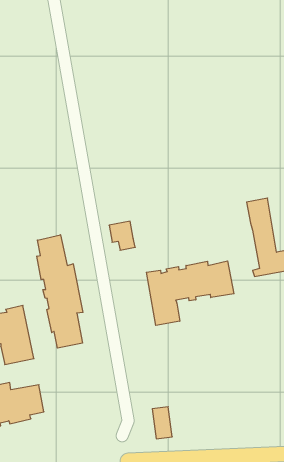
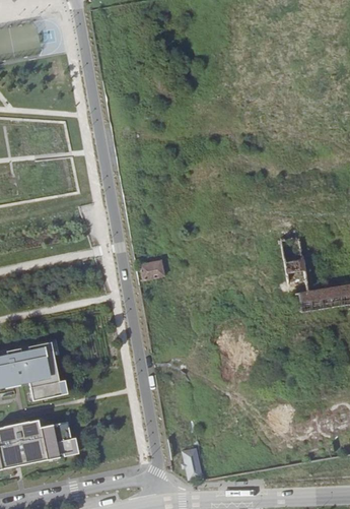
building: [37,235,83,348] -> none
building: [146,261,234,325] -> none

